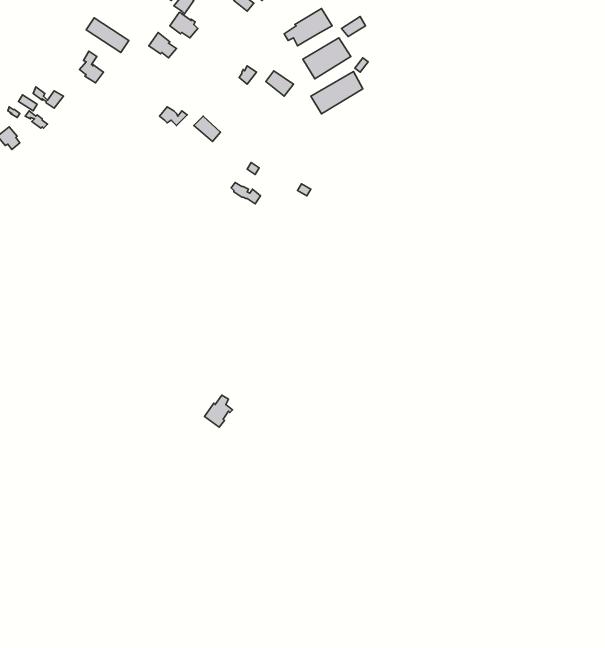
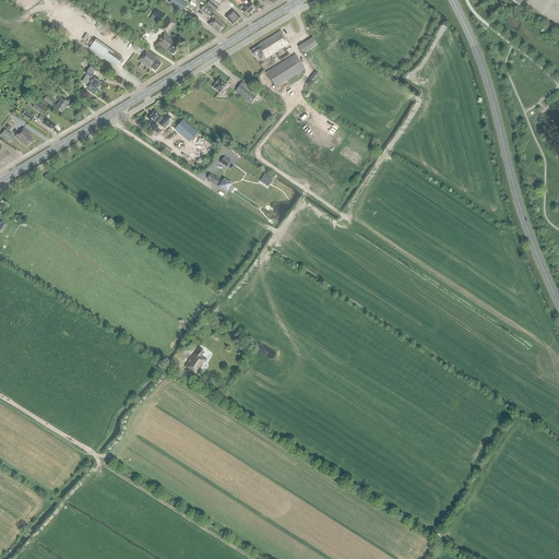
building: [311,72,363,114] -> none

